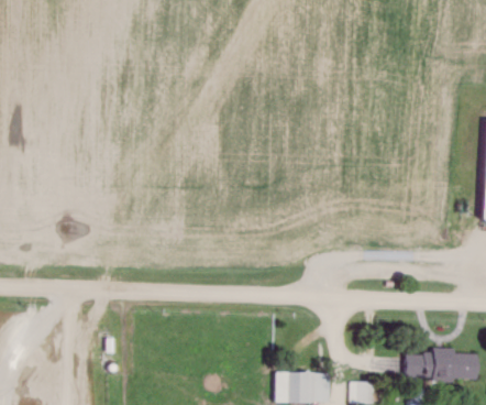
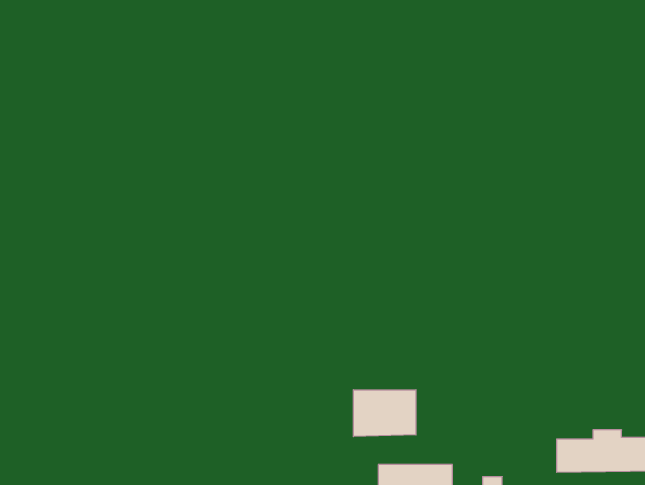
building: none -> [353,390,416,437]

